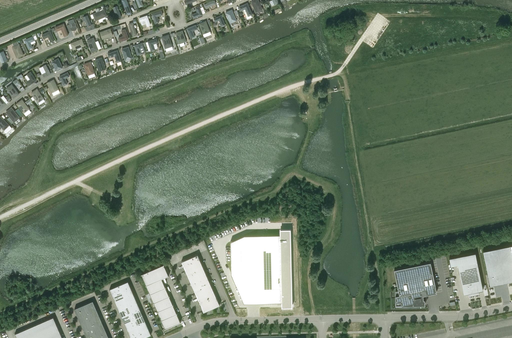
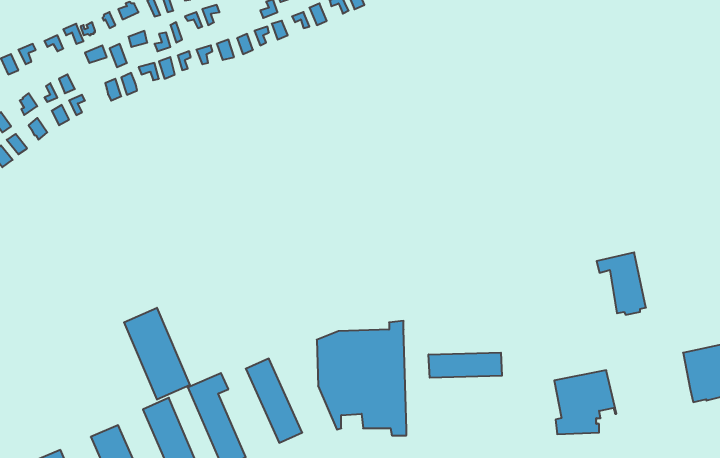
building: none -> [124,308,190,400]
building: none -> [429,353,502,378]
building: [449,254,483,297] -> [597,252,646,315]

